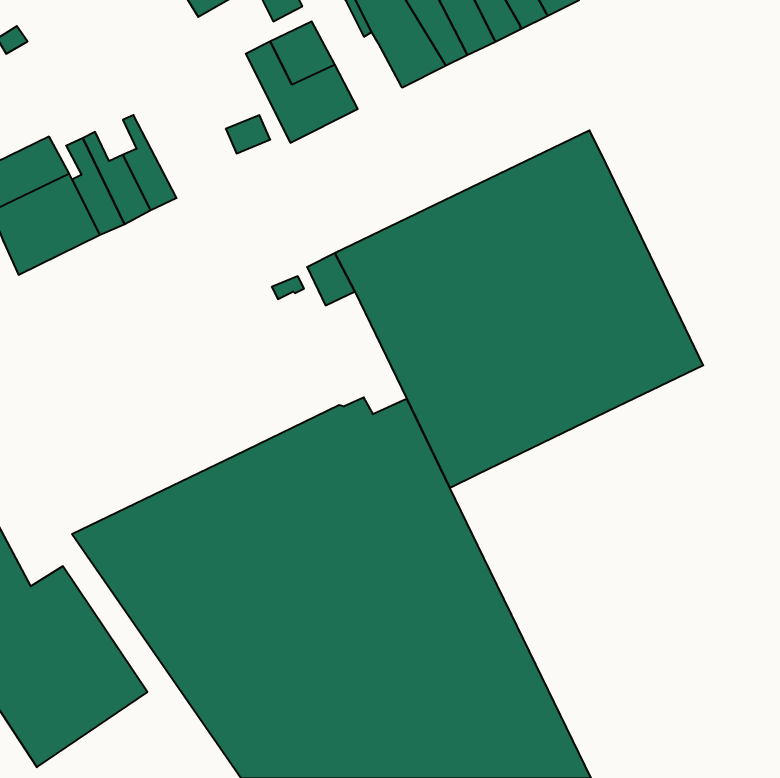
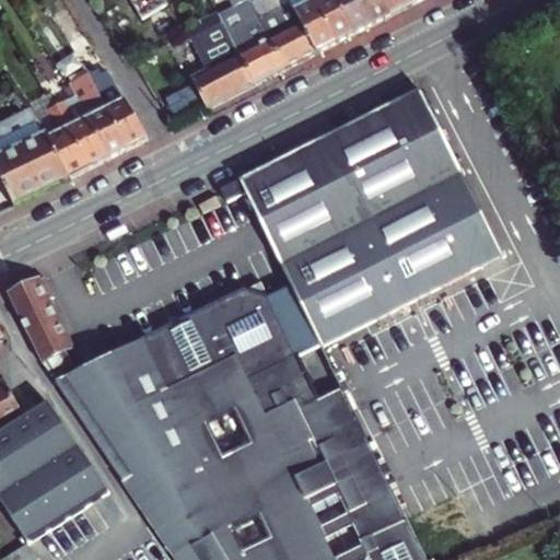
building: none -> [238,31,287,78]
building: none -> [95,73,148,141]
building: none -> [5,277,67,373]

